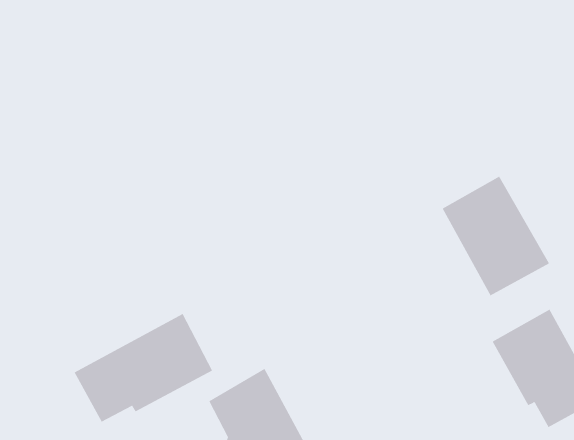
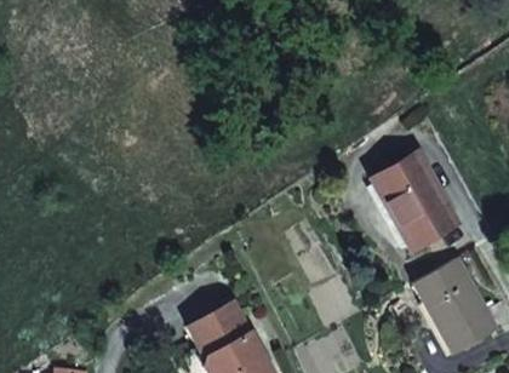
building: [74,313,213,423] -> none

